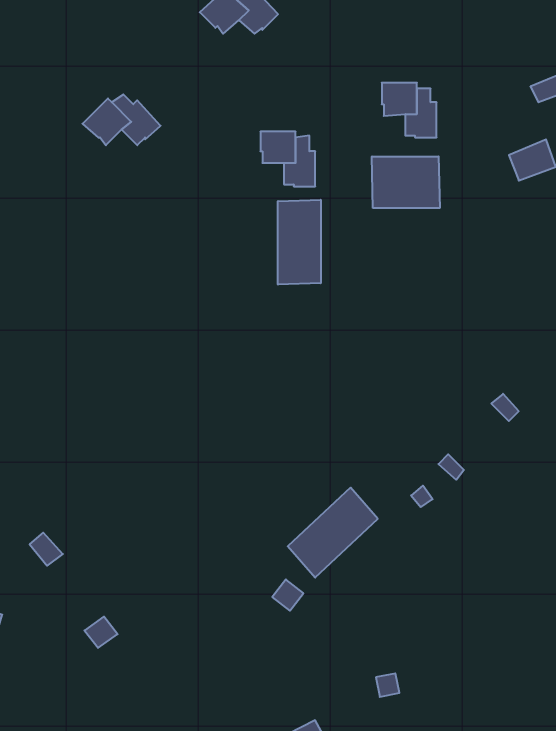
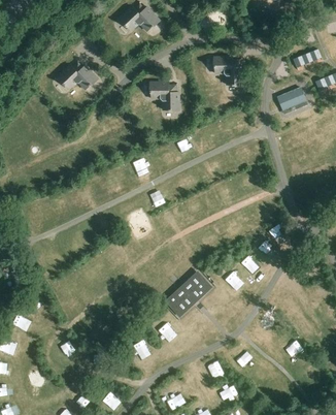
building: [372,156,440,208] -> none
building: [278,200,321,285] -> none

